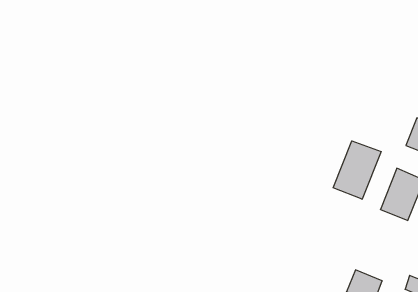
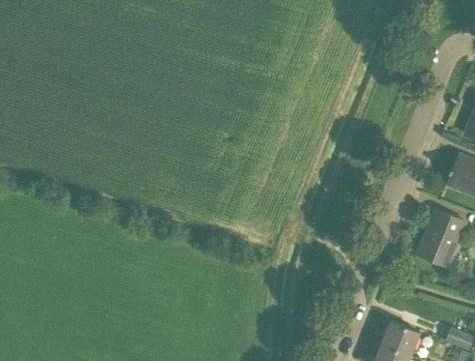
building: [333,141,381,199] -> none

